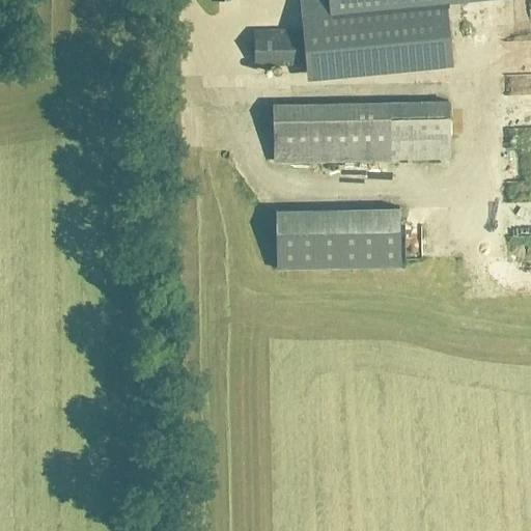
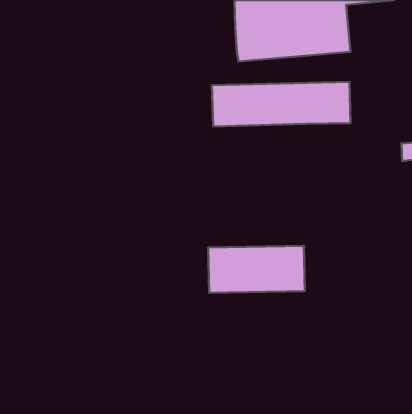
building: [256,34,306,66] -> none
building: [276,208,399,269] -> [208,246,305,293]

